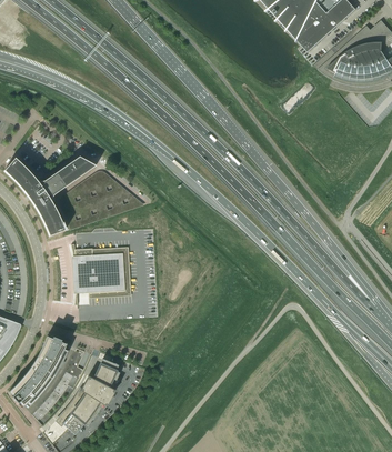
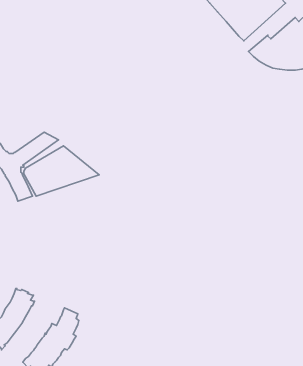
building: [71,243,125,292] -> none

